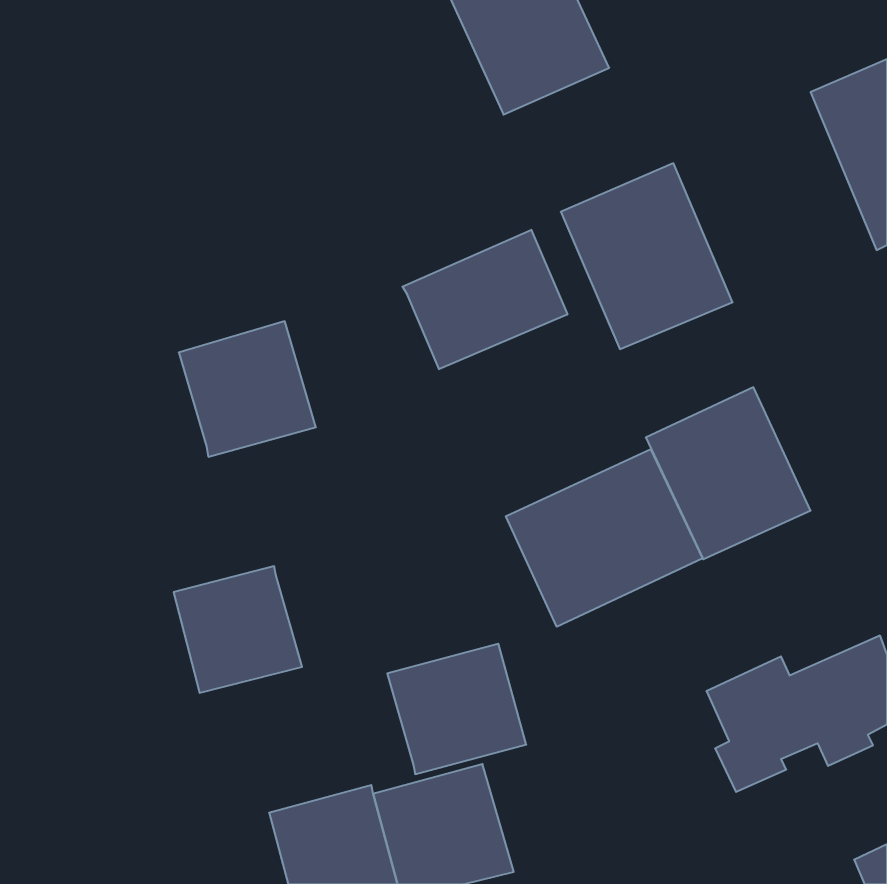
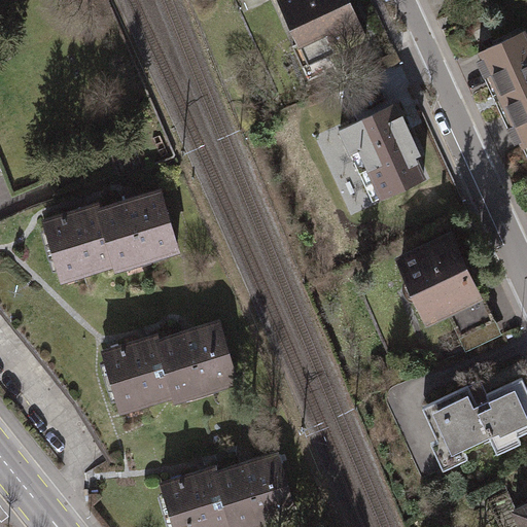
building: [402,230,567,369] -> none
building: none -> [43,204,122,282]
building: [506,449,703,627] -> none
building: [387,644,526,774] -> [164,323,246,400]

